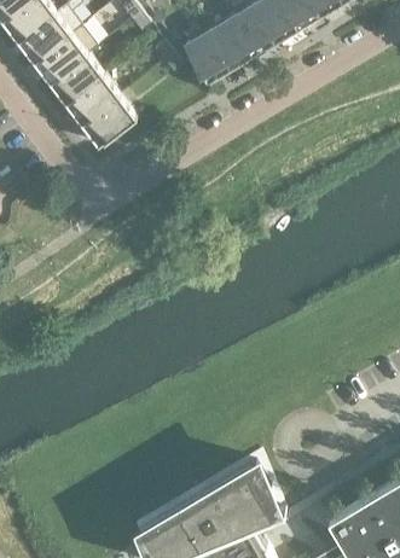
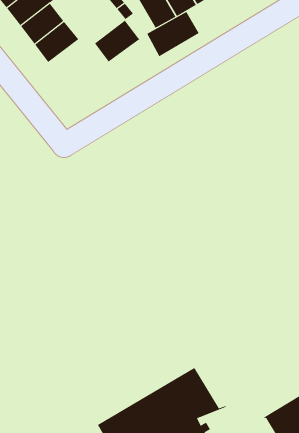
building: none -> [147,11,200,57]
building: [82,95,134,146] -> [94,20,140,65]

